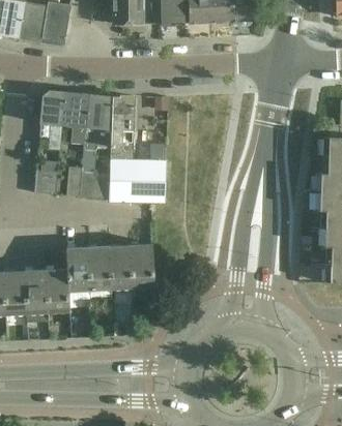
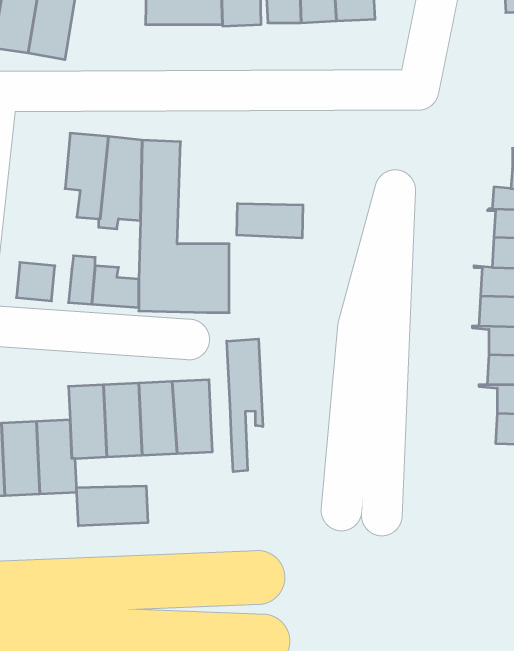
building: [40,89,66,150] -> none
building: none -> [237,203,303,238]
building: none -> [227,339,263,472]
building: none -> [77,486,148,526]

